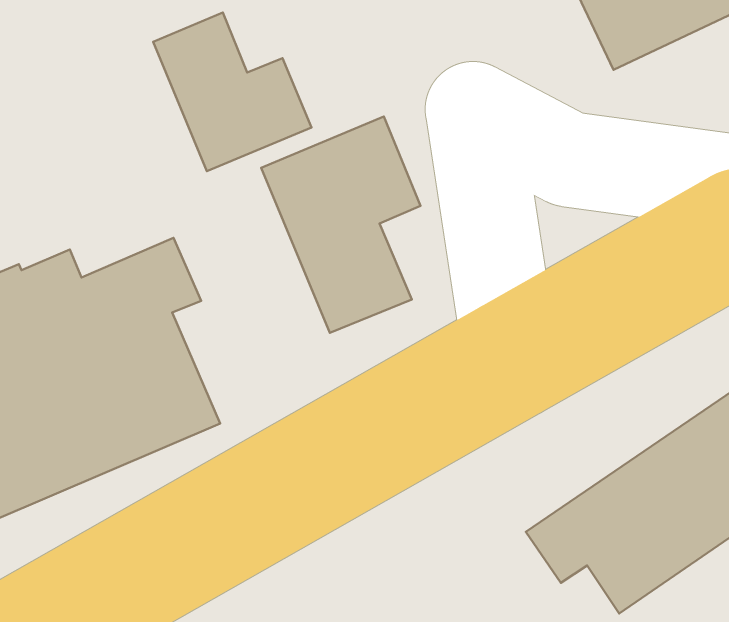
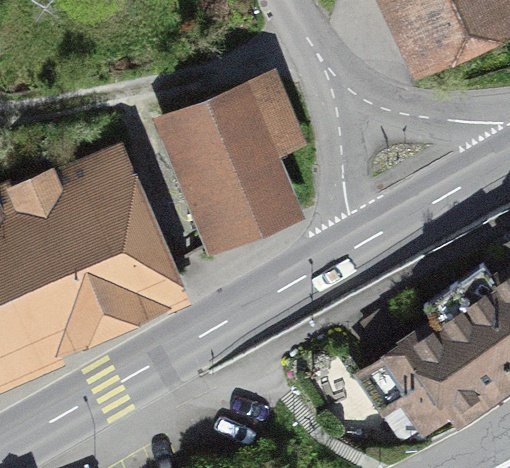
building: [153,13,312,171] -> none

